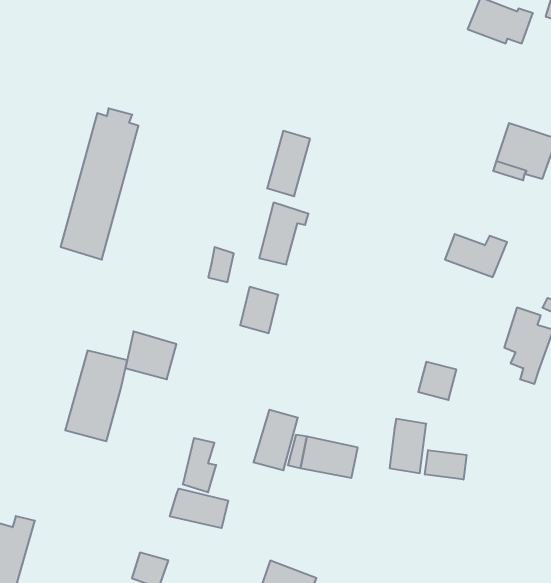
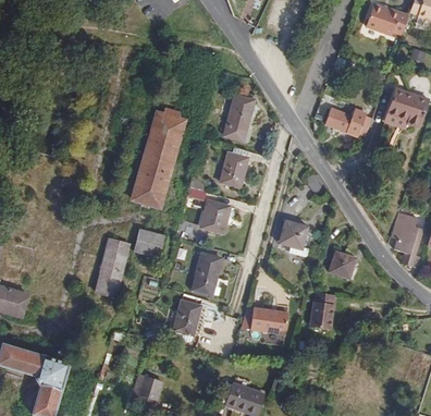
building: [61,108,139,260] -> [132,102,185,206]
building: [445,234,507,277] -> [322,105,365,134]
building: none -> [282,216,313,252]
building: [253,410,298,470] -> [187,257,218,298]
building: [425,450,467,480] -> none
building: [170,489,228,528] -> none

